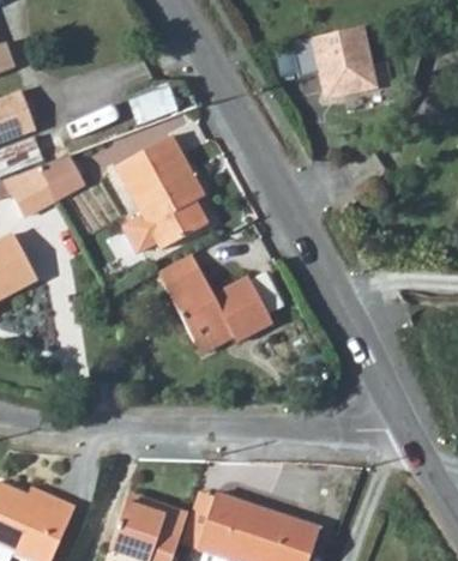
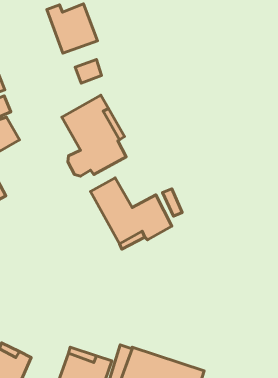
building: none -> [47,4,97,53]
building: [299,26,385,98] -> none
building: [38,155,85,199] -> none

